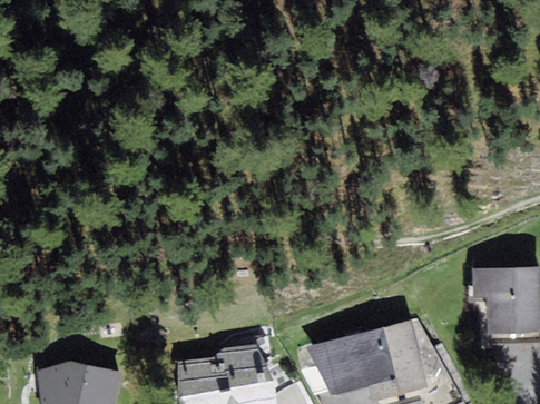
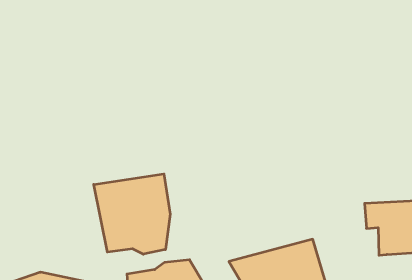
building: none -> [94,174,170,254]

